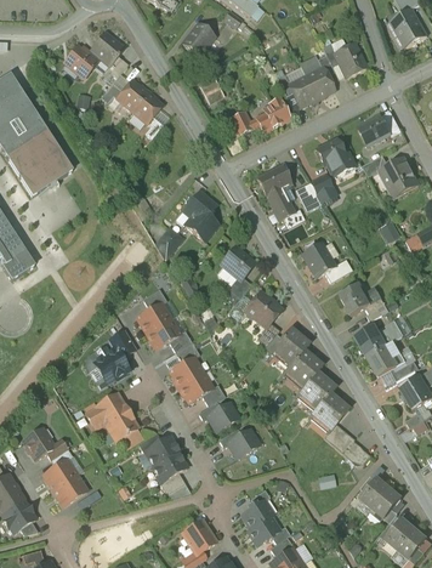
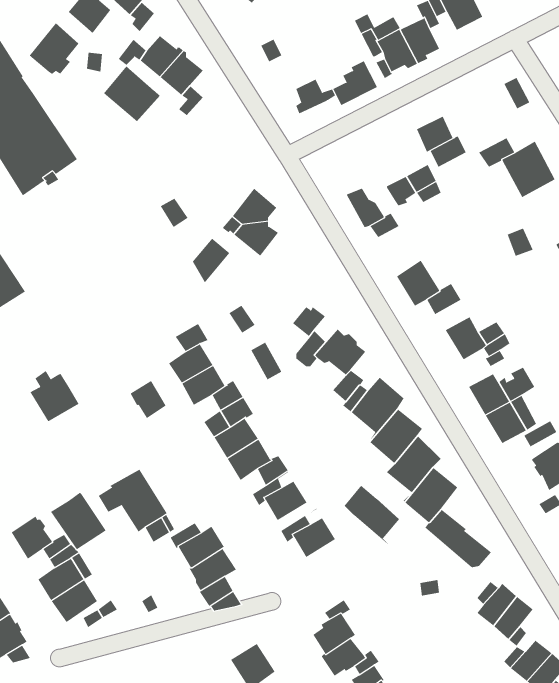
building: none -> [29,23,79,75]
building: none -> [103,66,160,122]
building: [358,115,390,146] -> none
building: [257,165,290,195] -> none
building: [221,246,254,279] -> none
building: [92,346,129,384] -> [29,370,80,422]
building: none -> [344,485,400,548]
building: none -> [50,492,106,550]

